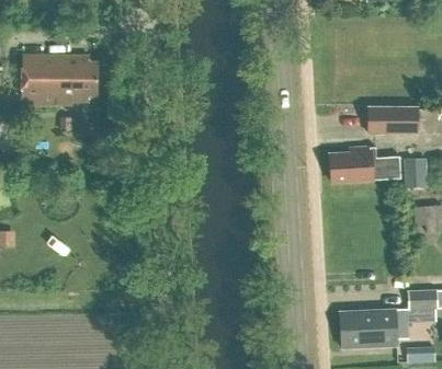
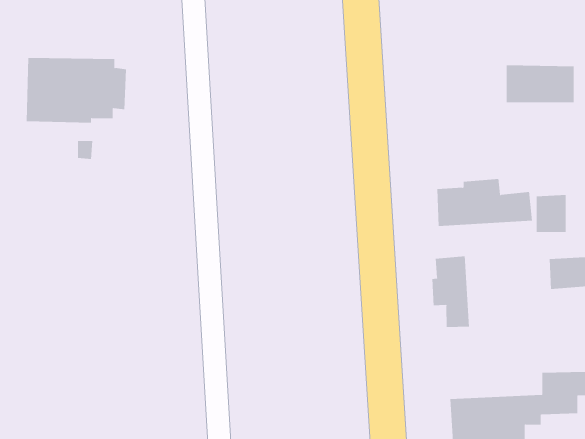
building: [369,105,420,134] -> [506,65,574,103]
building: none -> [432,256,470,328]

